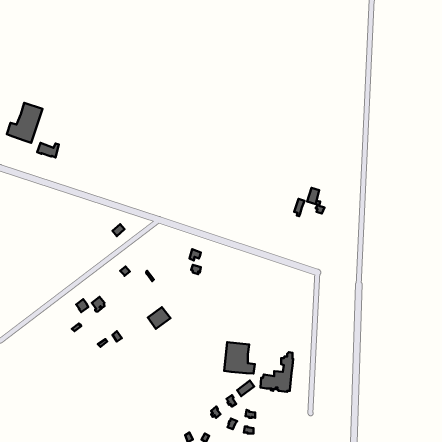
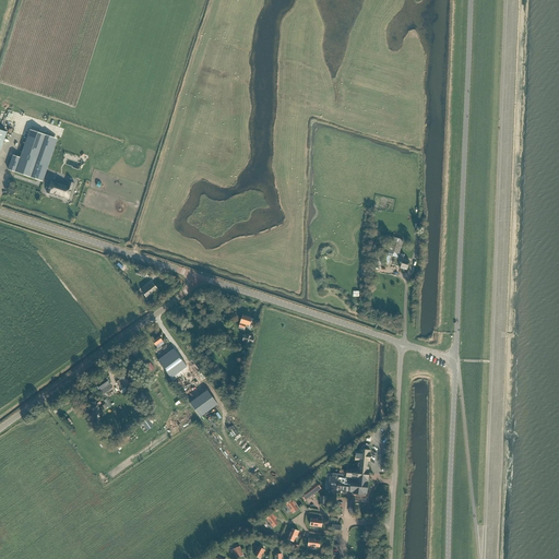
building: none -> [157,348,187,378]
building: [224,342,255,374] -> none

